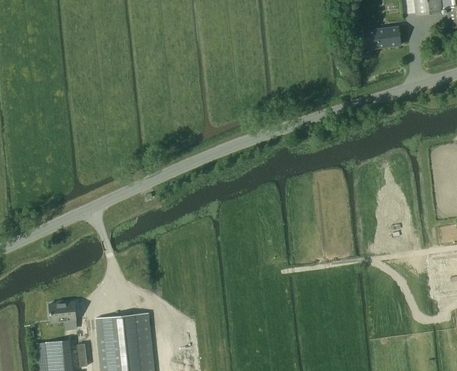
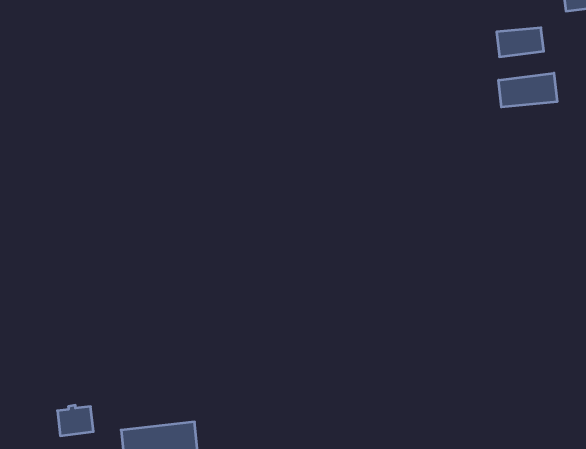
building: none -> [499,73,557,107]

